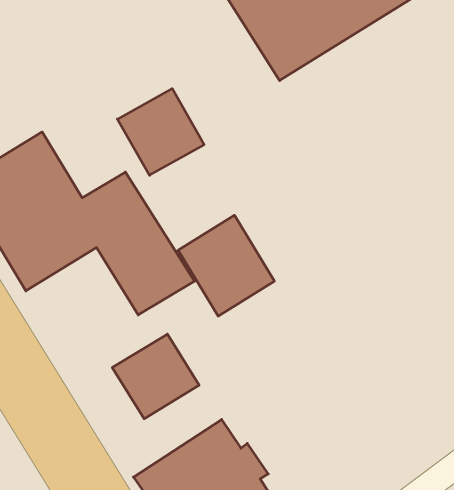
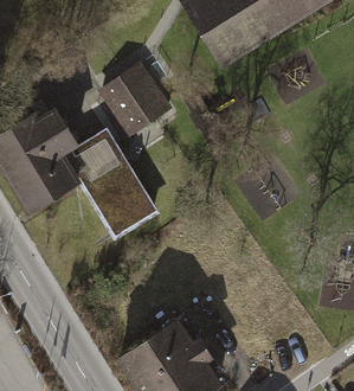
building: [178,215,274,316] -> none
building: [112,334,199,419] -> none

